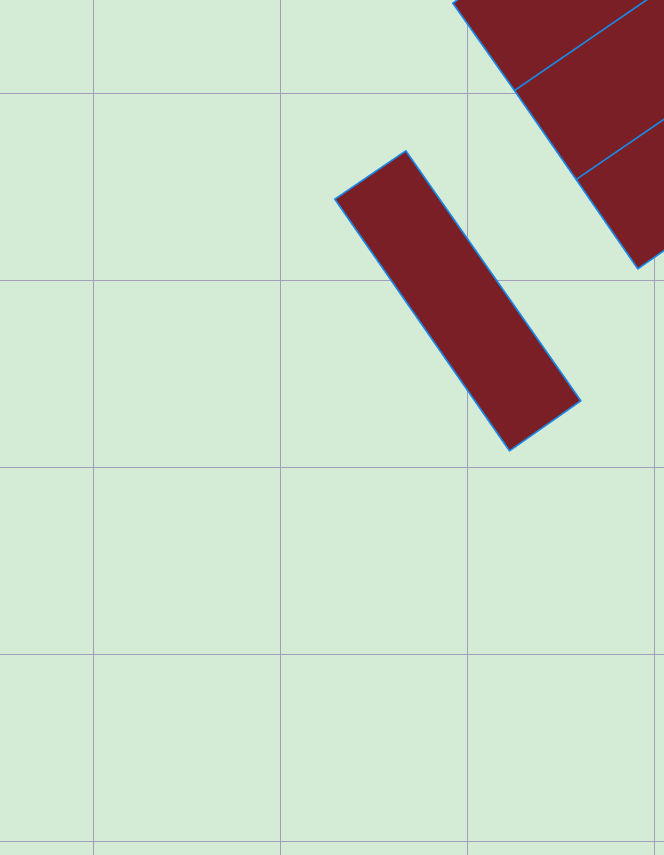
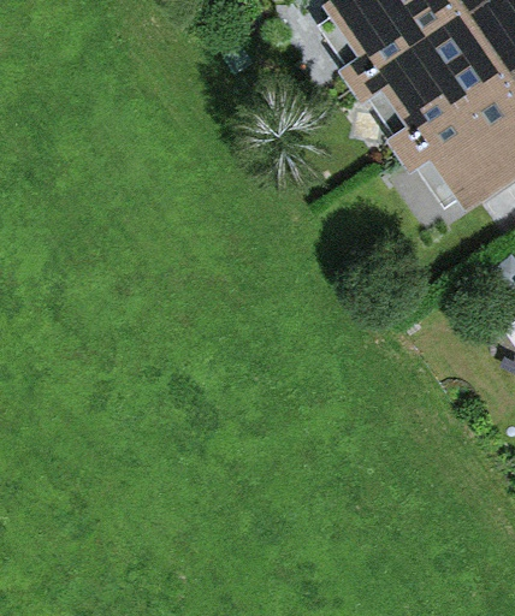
building: [335,151,581,451] -> none

